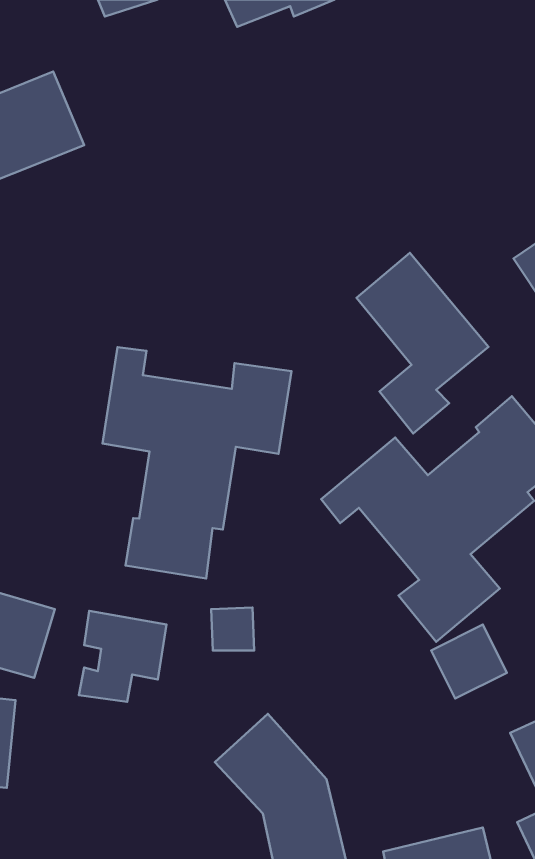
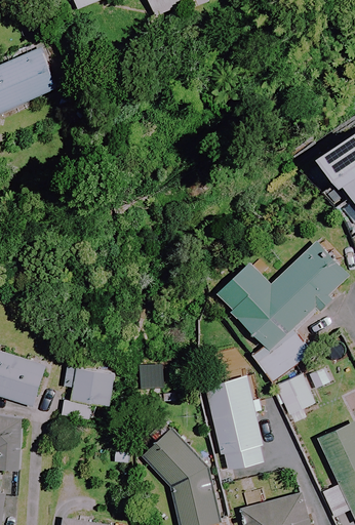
building: [357,253,489,433] -> none
building: [102,347,291,578] -> none
building: none -> [205,375,266,471]

